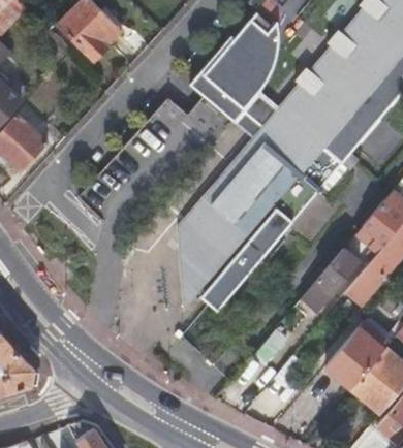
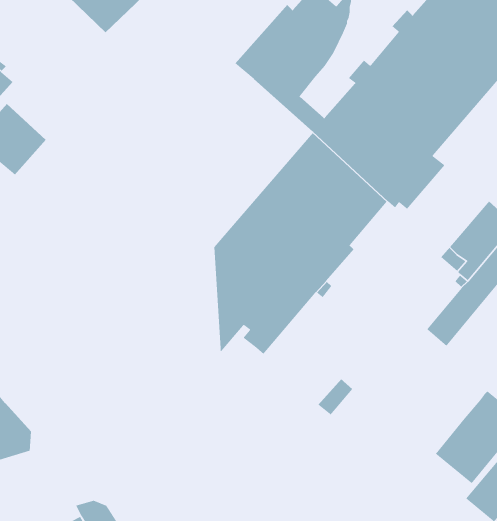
building: [301,249,359,311] -> none
building: [324,320,389,388] -> none

